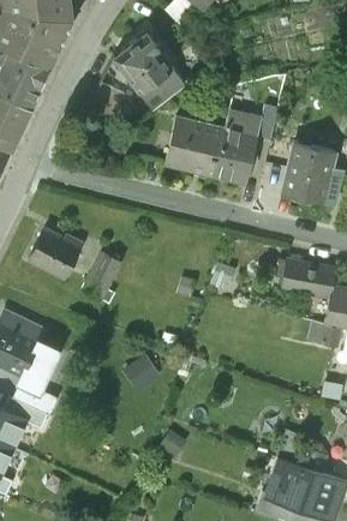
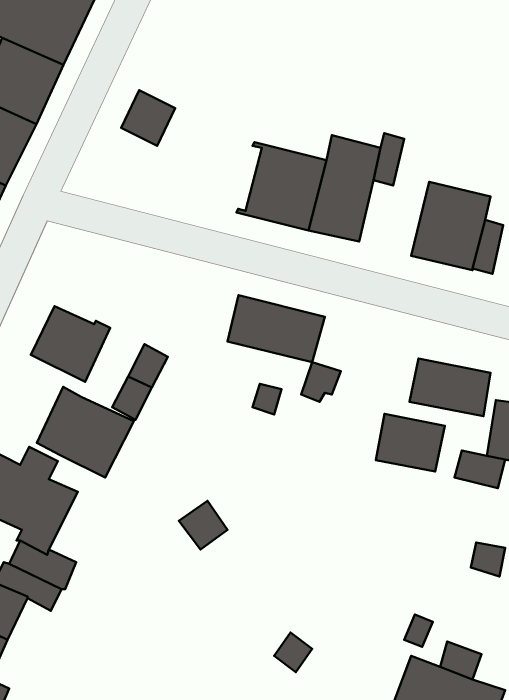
building: [114,31,185,107] -> none
building: none -> [228,295,325,362]
building: none -> [37,387,134,478]
building: none -> [376,414,445,471]

